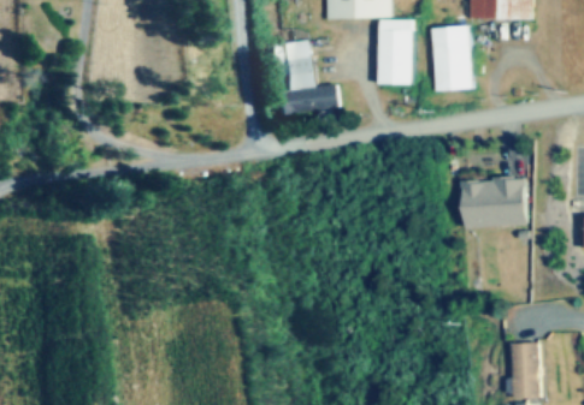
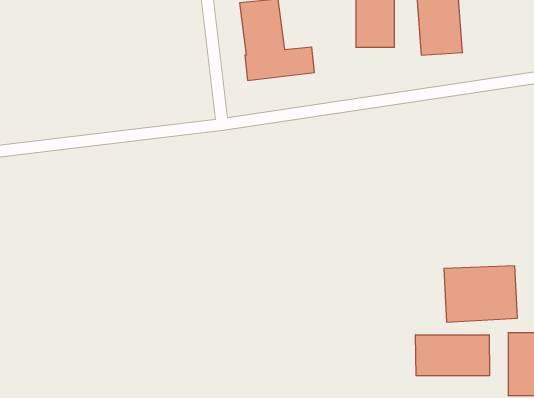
building: [464,178,530,228] -> [444,266,517,322]
building: none -> [416,335,489,376]

